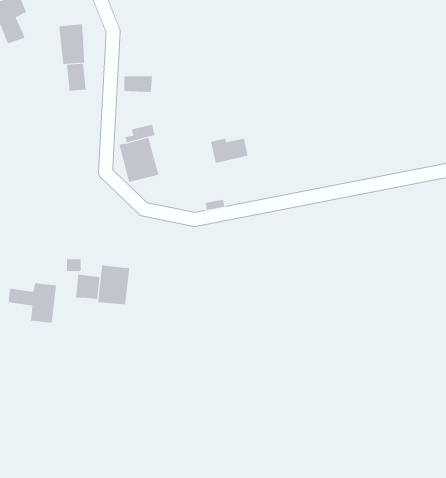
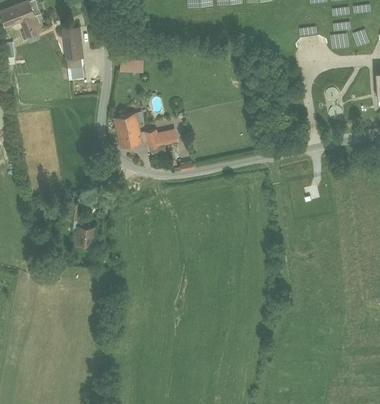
building: [210,138,248,164] -> [148,128,178,148]
building: [98,264,130,305] -> none
building: [8,282,57,324] -> none

